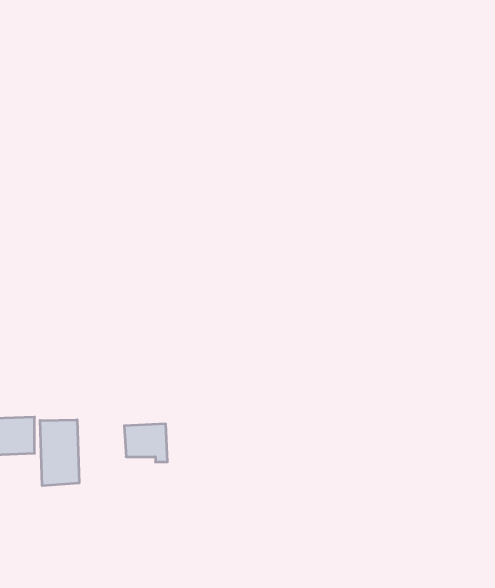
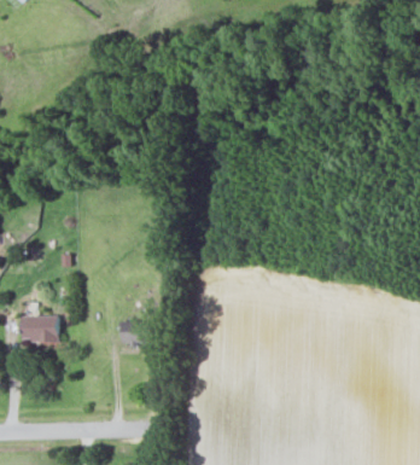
building: [40,420,79,486] -> none

